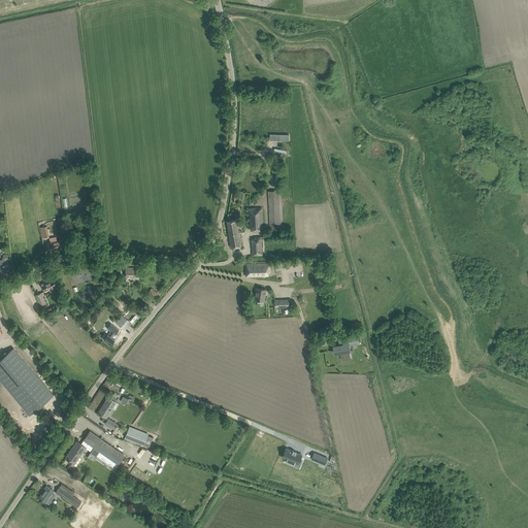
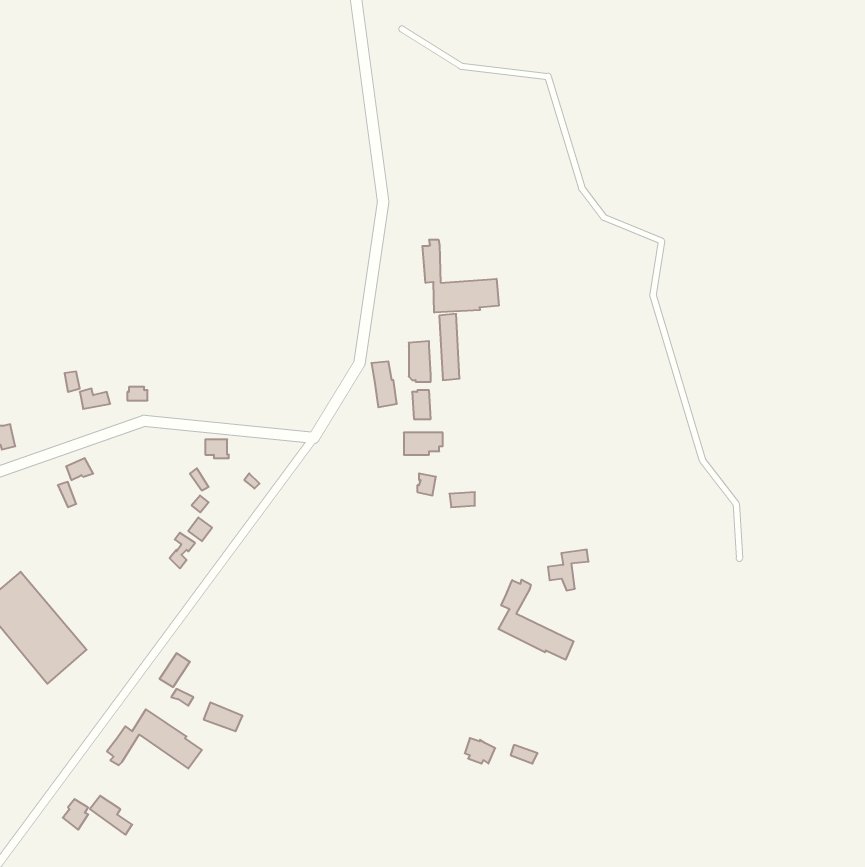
building: none -> [422,240,499,313]
building: none -> [498,580,574,660]

